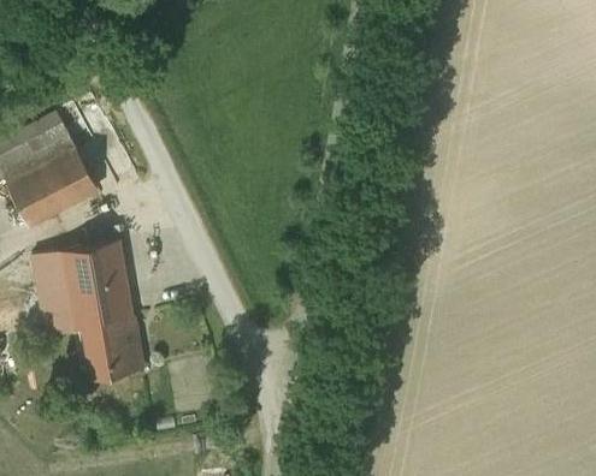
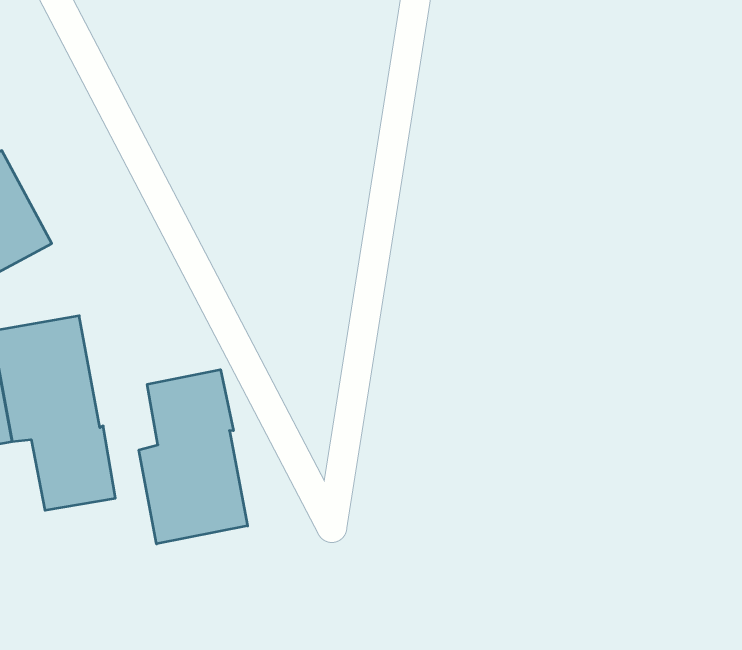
building: none -> [139,370,248,544]

